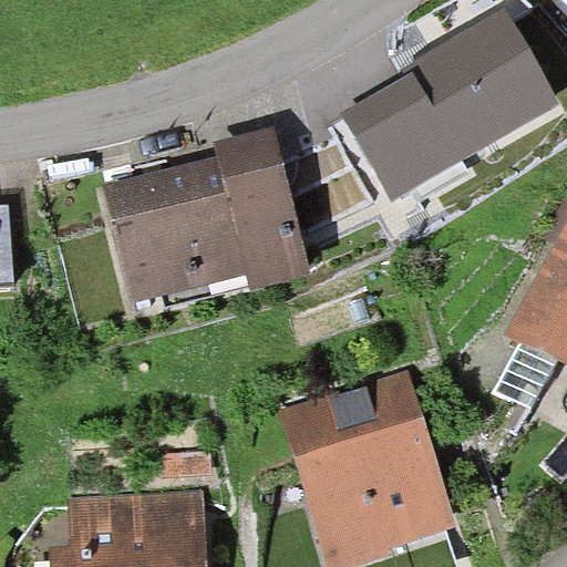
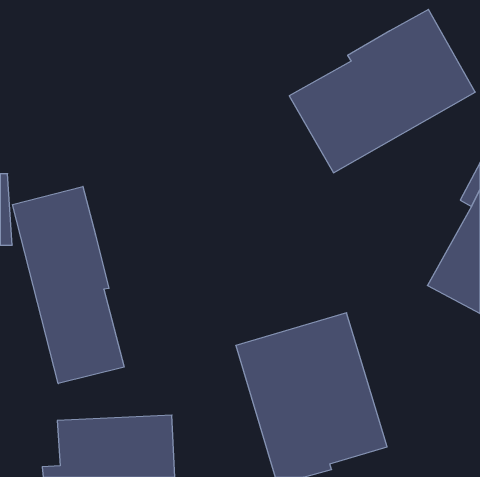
building: [102,127,312,307] -> none
building: none -> [13,186,124,384]

